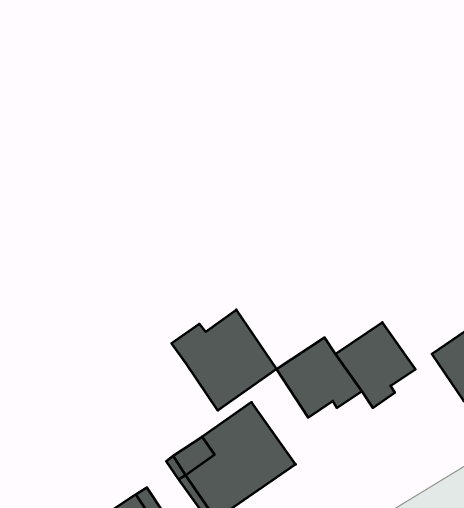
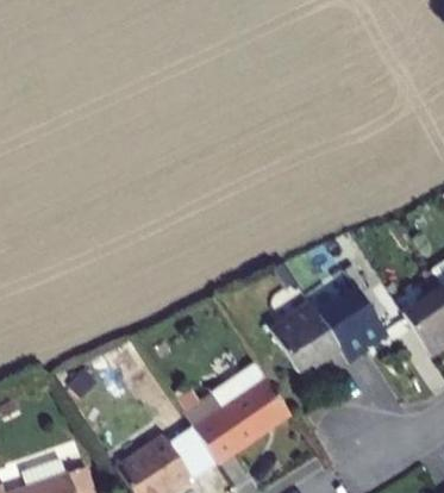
building: [172,310,276,410] -> none

